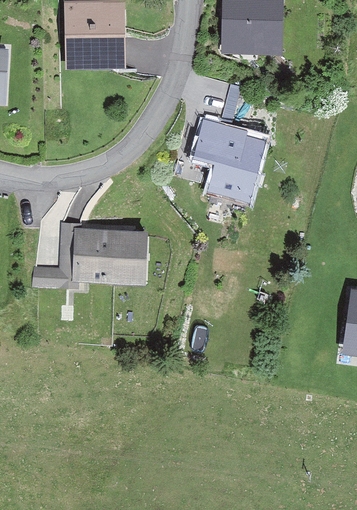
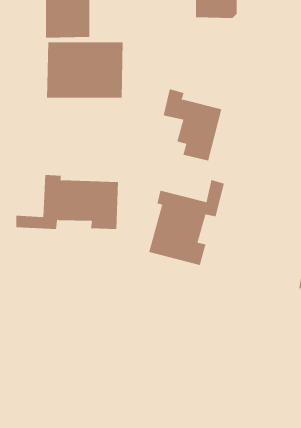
building: none -> [47,41,123,99]
building: none -> [149,179,225,266]

